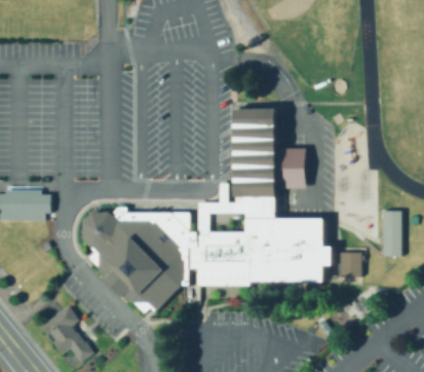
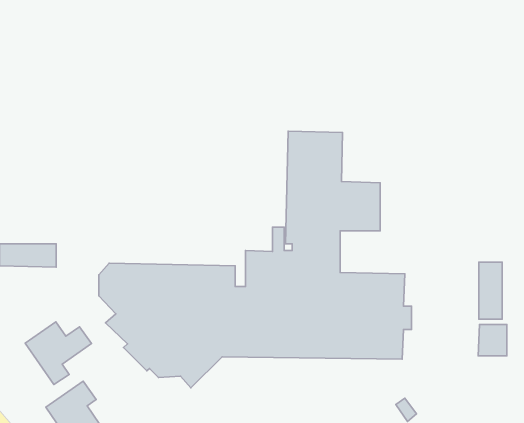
building: [340,252,362,276] -> [478,325,507,356]
building: none -> [25,322,91,384]

